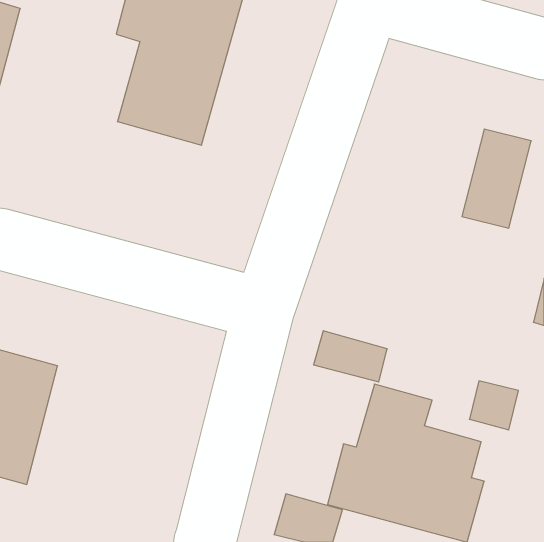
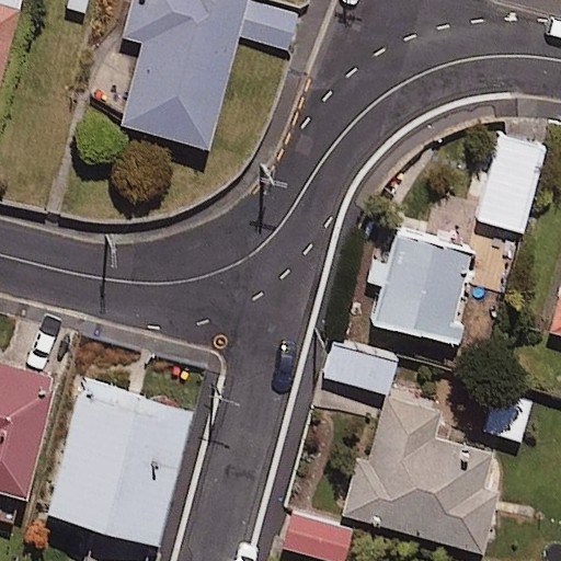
building: none -> [373,234,471,345]
building: none -> [44,379,196,548]

